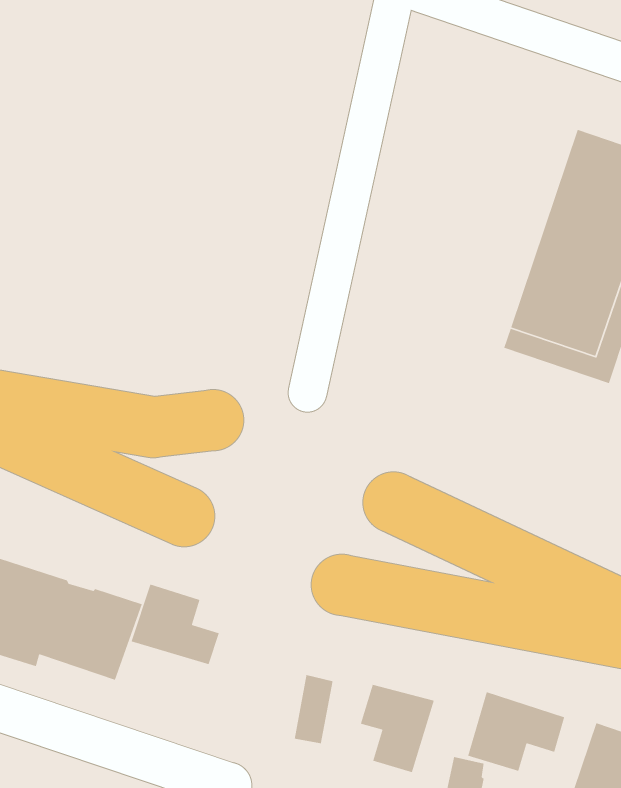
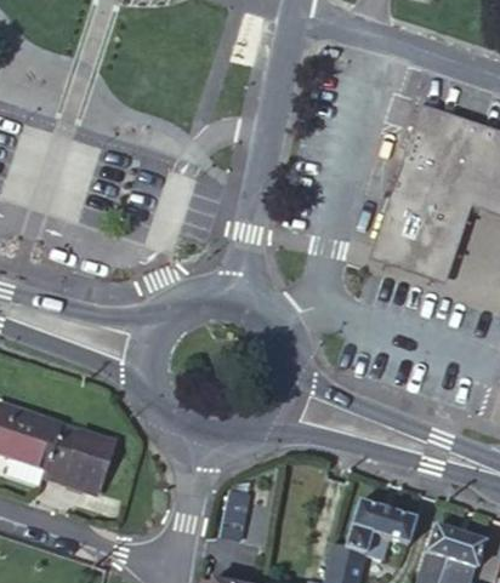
building: [131,583,220,665] -> none
building: [360,684,435,773] -> none

